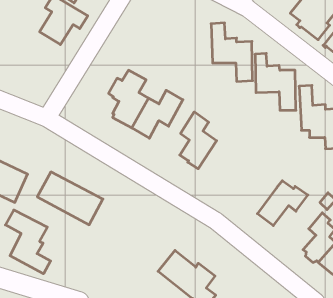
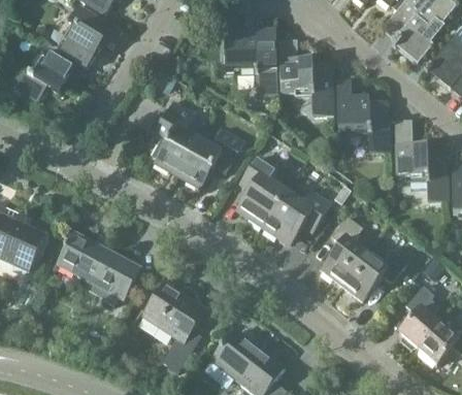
building: none -> [223,28,278,95]
building: none -> [13,51,85,101]
building: none -> [264,191,332,242]
building: none -> [320,215,365,285]
building: [5,210,51,274] -> none
building: none -> [144,282,206,371]

